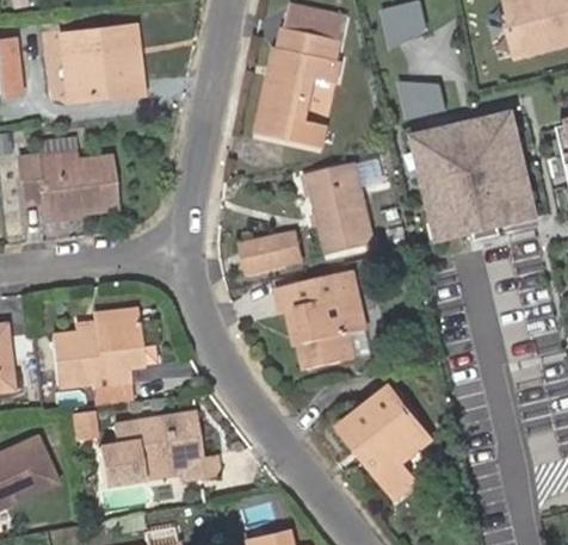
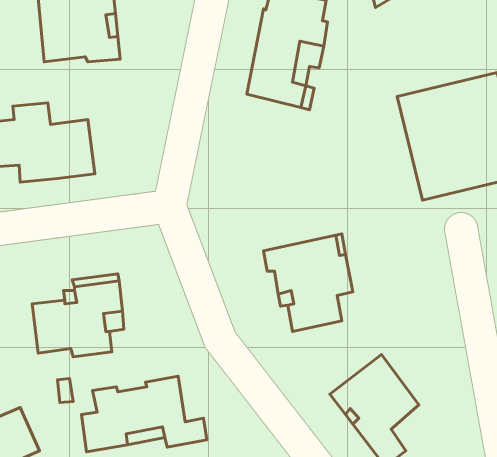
building: [397,78,445,116] -> none
building: [311,160,375,249] -> none
building: [241,234,295,271] -> none

